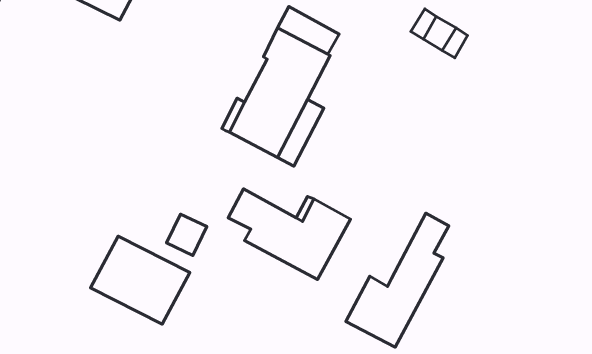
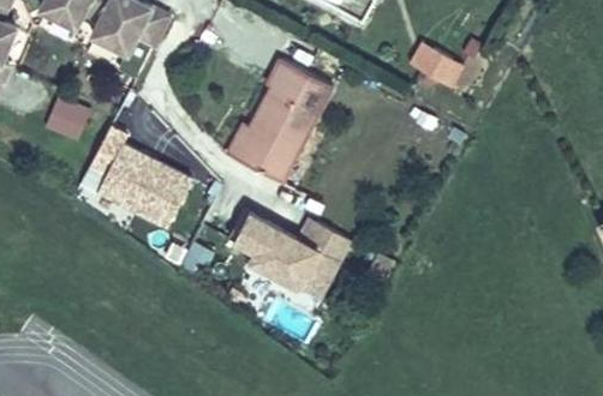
building: none -> [44,98,90,143]
building: [346,213,449,347] -> none
building: [90,236,190,324] -> [95,142,190,226]

